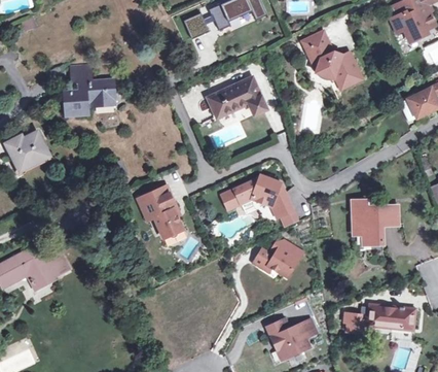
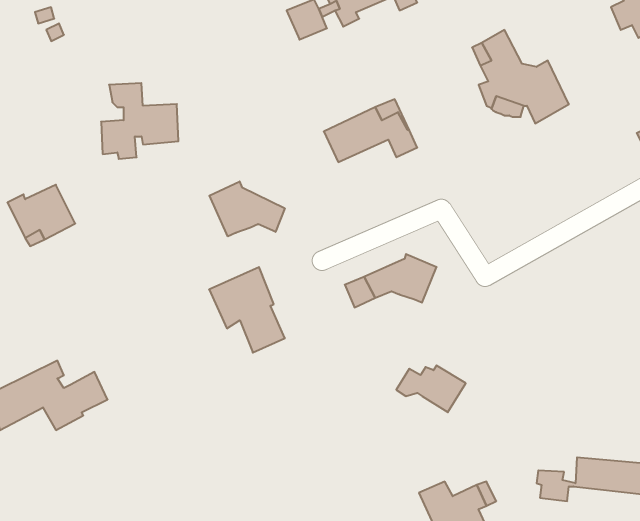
building: none -> [209,181,285,236]
building: [270,183,292,218] -> none
building: [353,200,398,244] -> none

